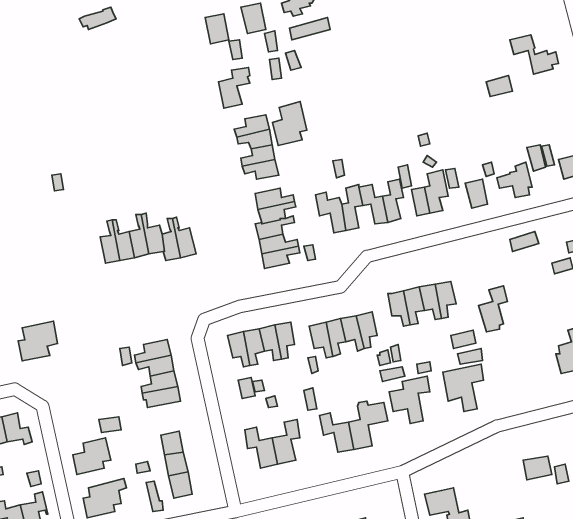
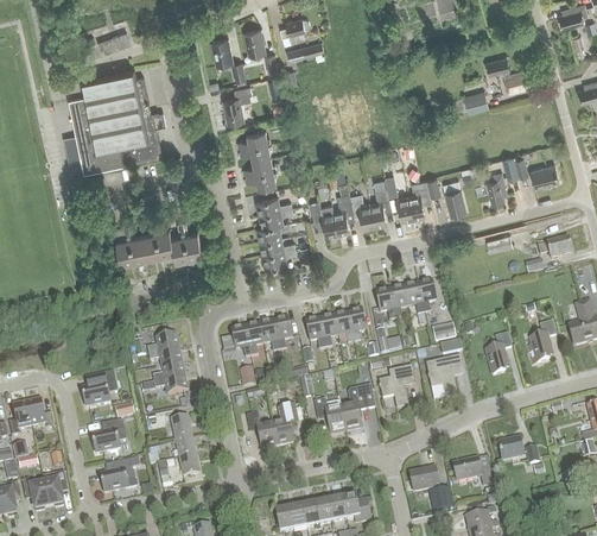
building: none -> [69,70,163,172]
building: [273,102,307,146] -> none
building: [478,286,507,332] -> [485,332,512,373]
building: [18,321,58,361] -> [82,370,118,405]
building: none -> [453,458,493,485]

